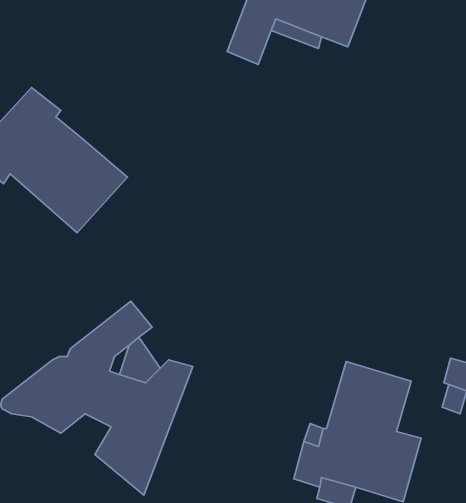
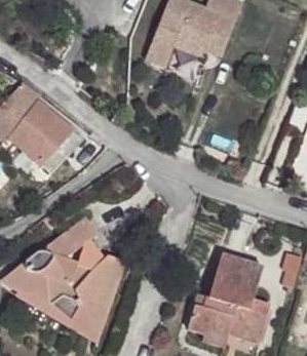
building: none -> [10,287,93,339]

